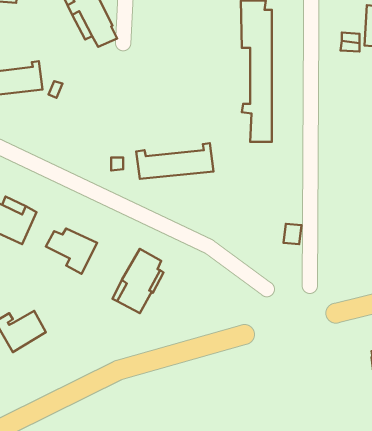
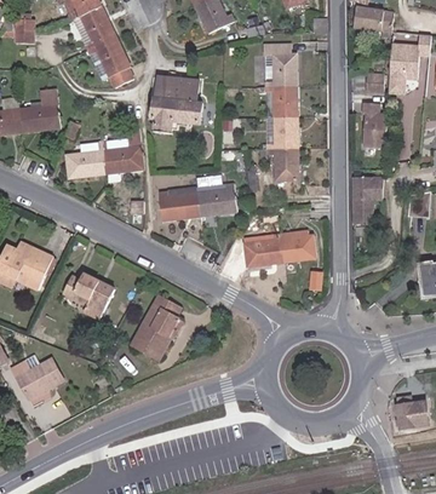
building: none -> [150,76,199,133]
building: none -> [362,102,386,147]
building: none -> [68,132,143,179]
building: none -> [351,176,383,223]
building: none -> [240,235,310,268]

